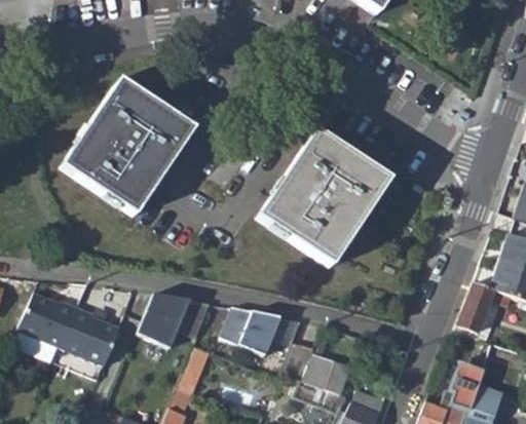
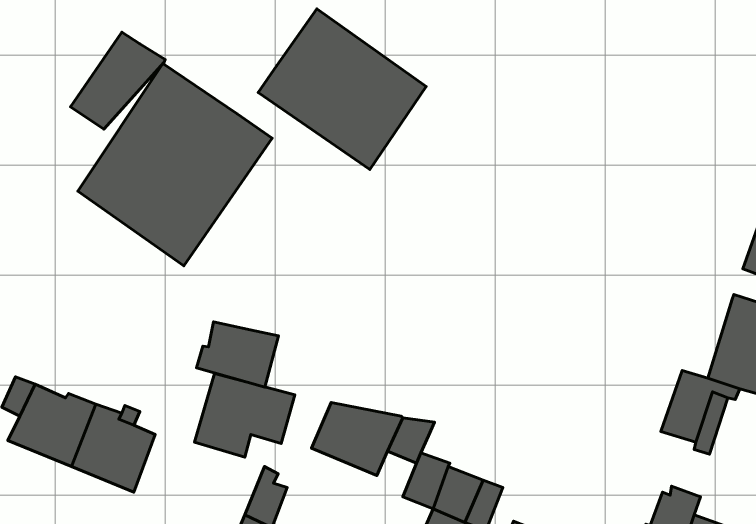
building: none -> [258,9,426,170]
building: none -> [70,32,165,129]
building: [261,129,390,265] -> none
building: none -> [197,322,278,387]

